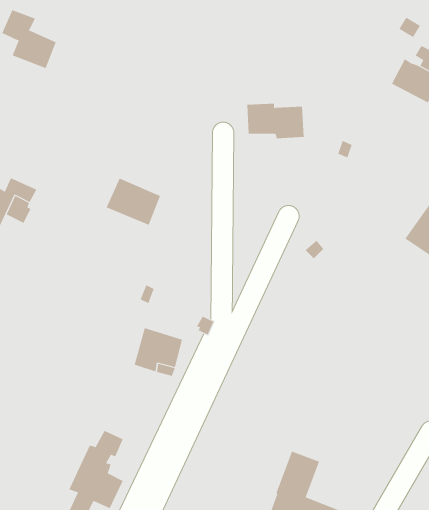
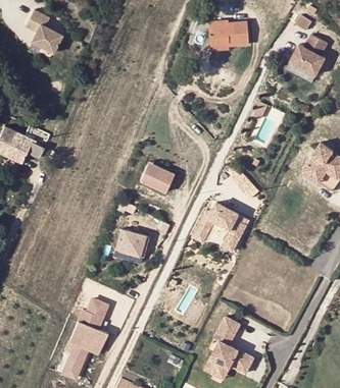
building: [246,103,304,139] -> [207,20,247,45]
building: [106,178,161,225] -> [137,160,175,192]
building: none -> [191,199,250,251]

